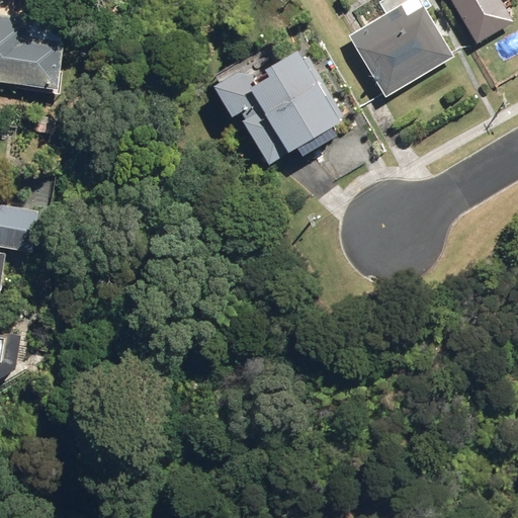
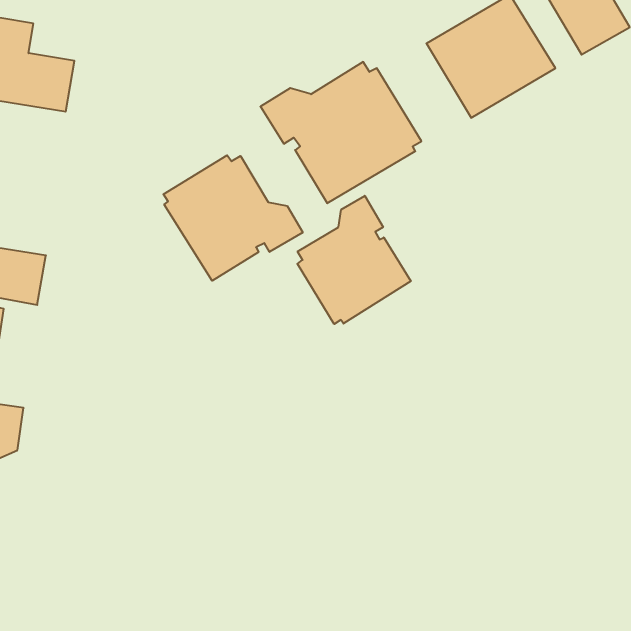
building: none -> [163,155,303,281]
building: none -> [297,196,411,324]

